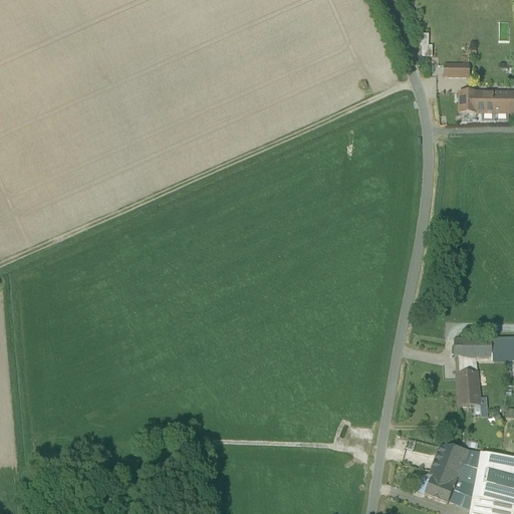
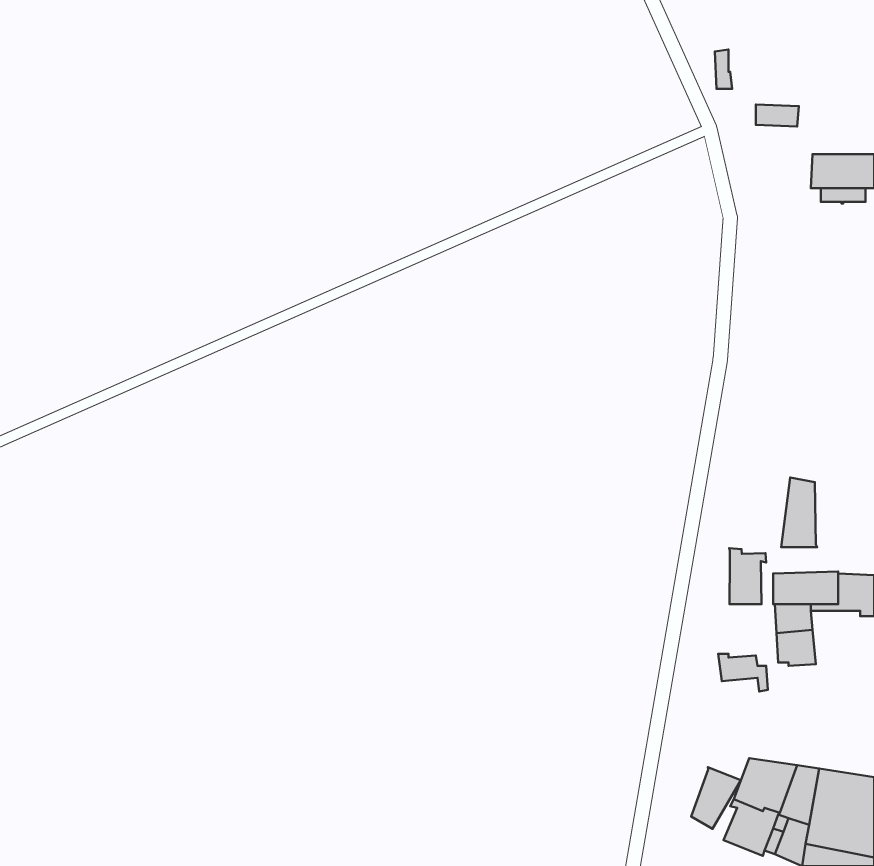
building: [459,89,477,110] -> none
building: none -> [781,477,817,547]
building: none -> [729,548,766,604]
building: [457,389,486,411] -> [718,654,768,692]
building: none -> [691,767,741,829]

